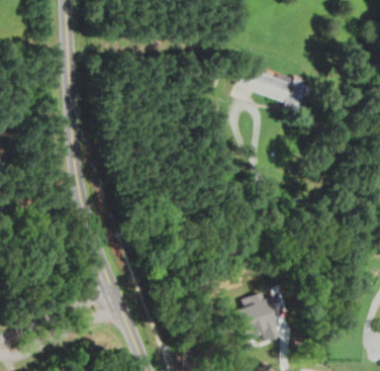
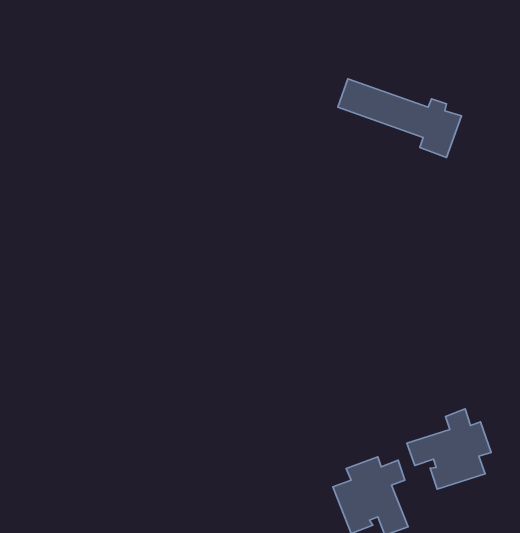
building: none -> [407,409,491,489]

